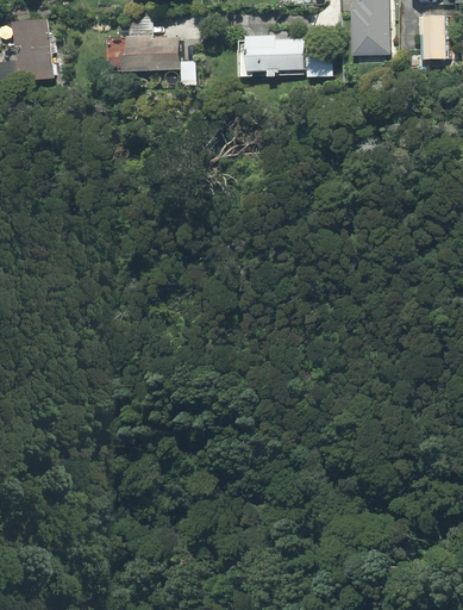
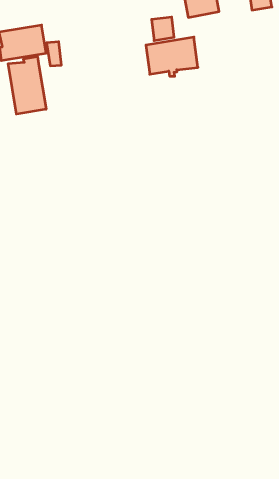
building: [245,36,304,77] -> [146,37,198,76]
building: none -> [8,56,46,114]

